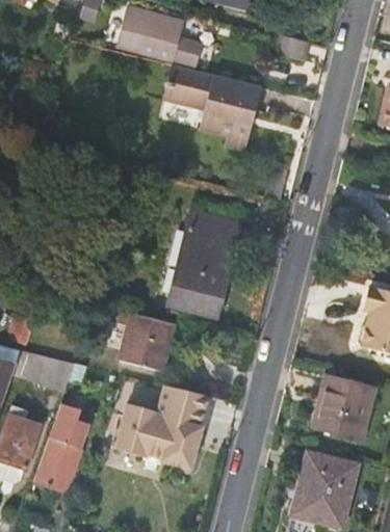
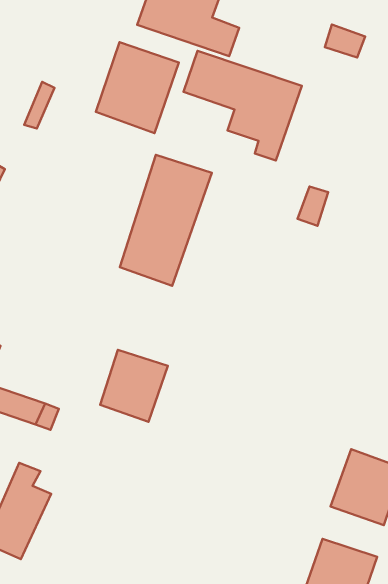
building: none -> [96,42,179,133]
building: [171,210,238,315] -> [120,155,212,286]
building: [116,384,208,470] -> none

